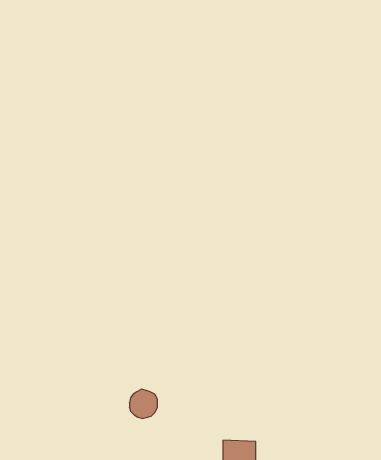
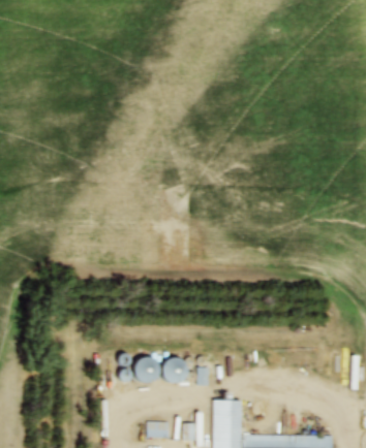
building: none -> [162,358,186,382]

